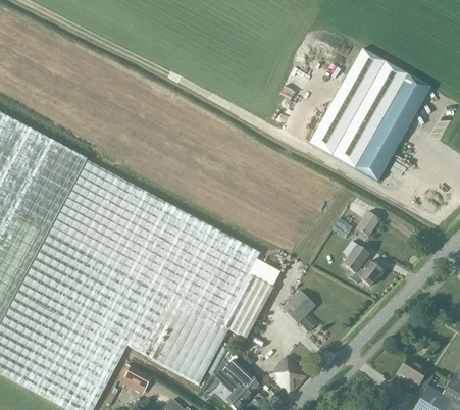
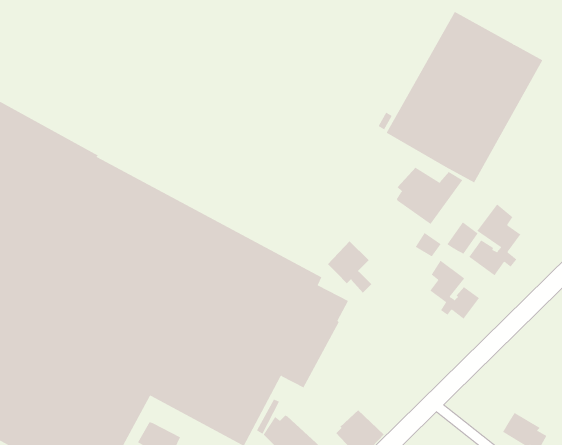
building: none -> [396,167,463,225]
building: none -> [469,203,521,276]
building: [283,290,317,330] -> [327,240,372,293]

